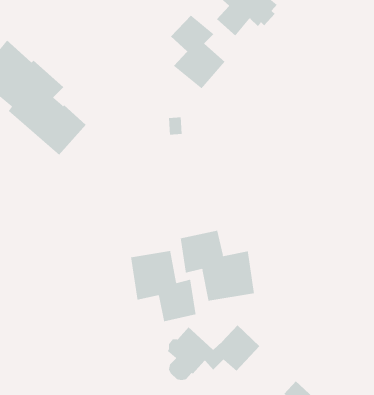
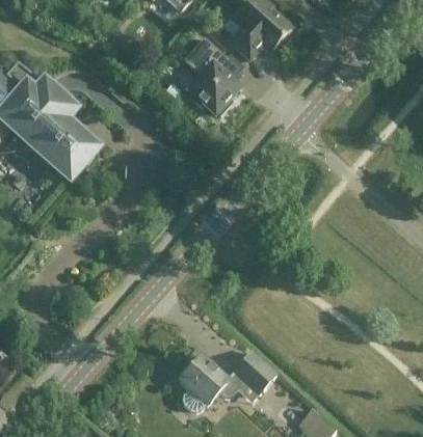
building: [180,230,254,301] -> none
building: [131,250,196,322] -> none

